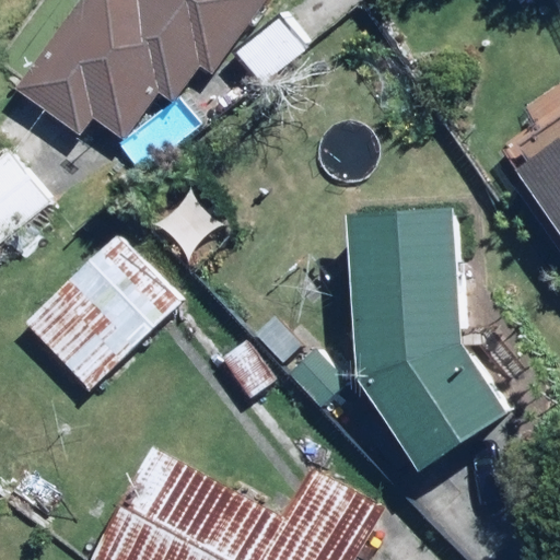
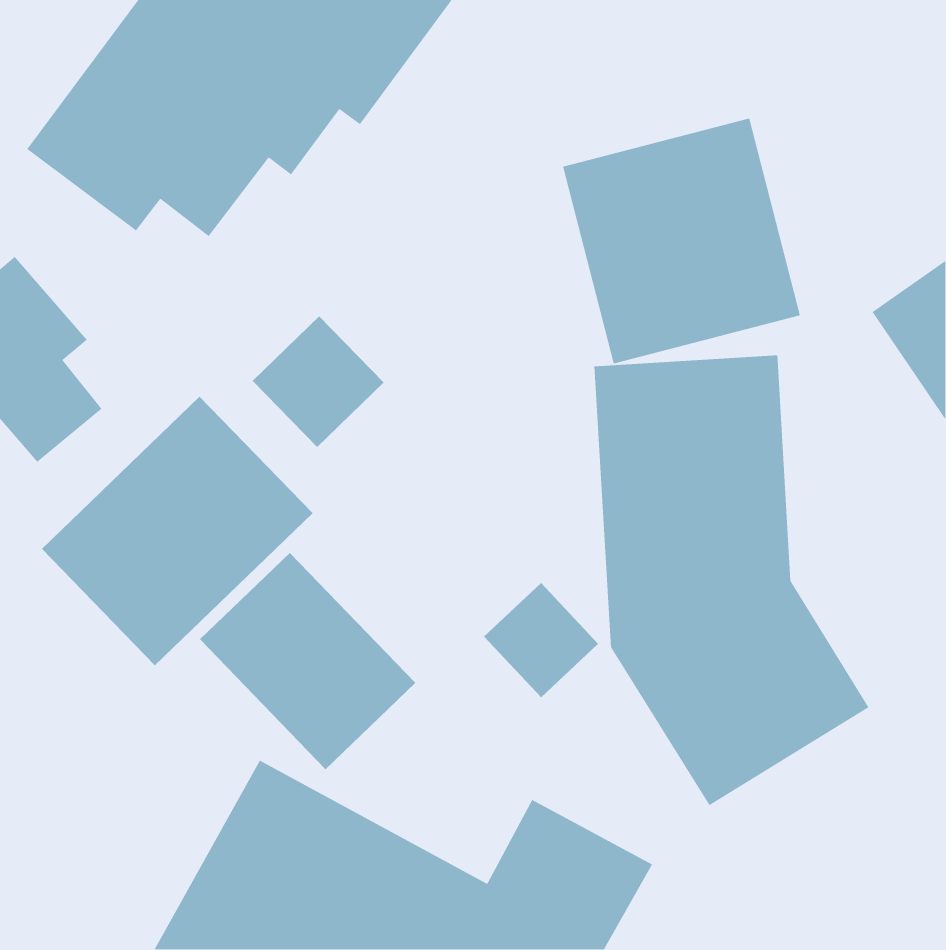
building: none -> [562,118,801,364]
building: none -> [199,552,416,770]

